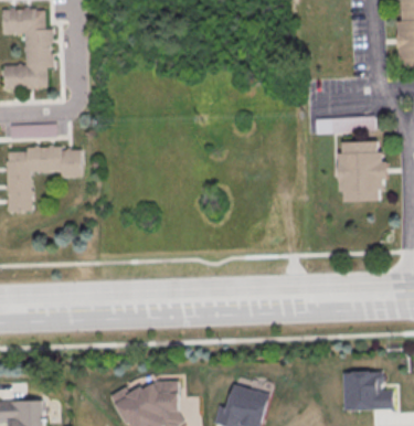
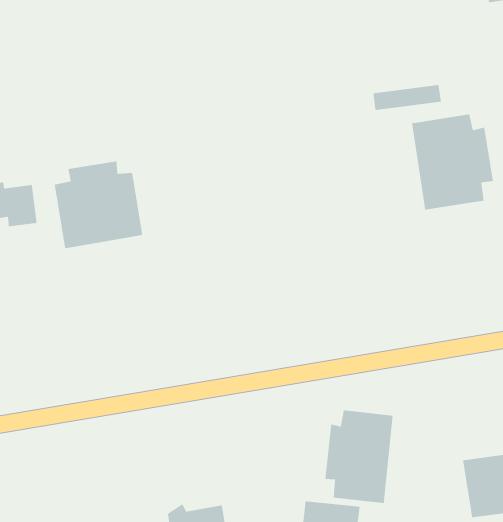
building: none -> [54,161,143,249]
building: none -> [324,410,394,504]

